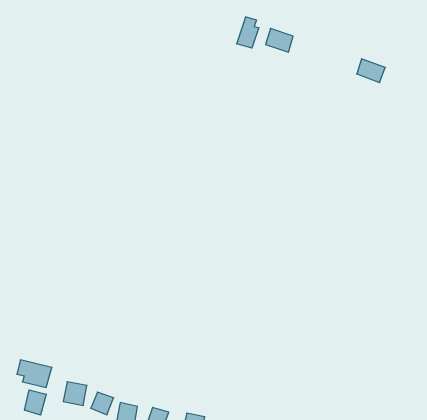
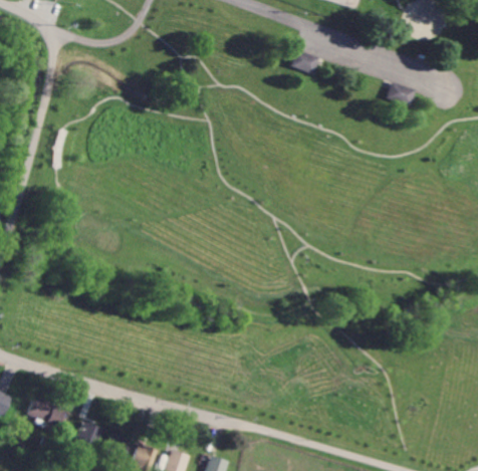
building: [237,17,259,48] -> none
building: [25,390,46,415] -> none

